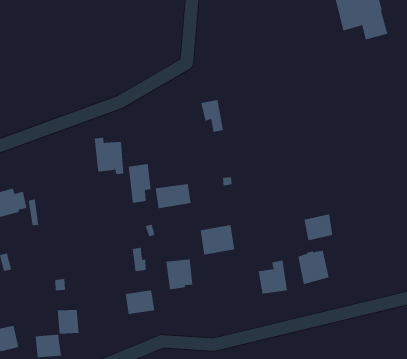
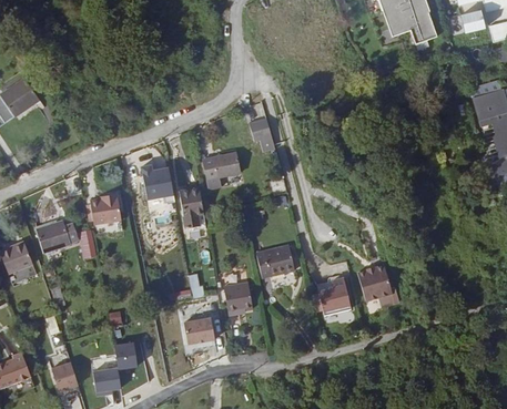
building: none -> [90,193,121,224]
building: [155,184,192,209] -> [202,152,241,180]
building: [304,213,333,241] -> none

